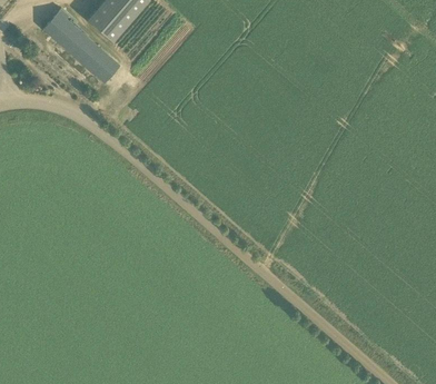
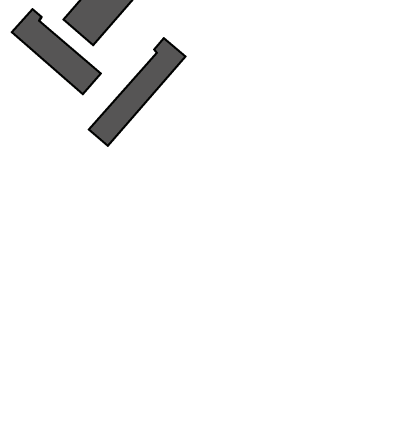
building: none -> [89,38,186,146]

